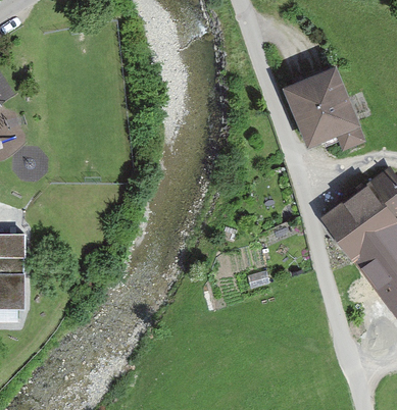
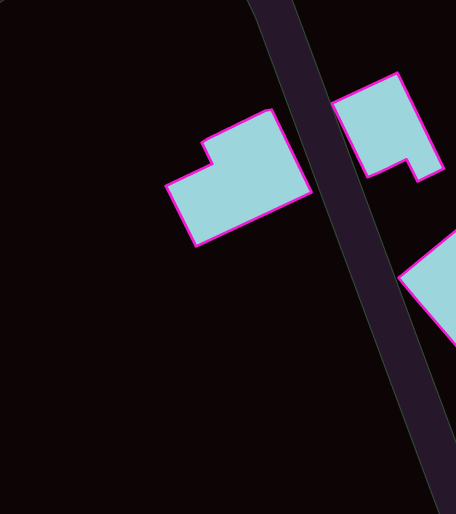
building: none -> [166,110,311,246]

